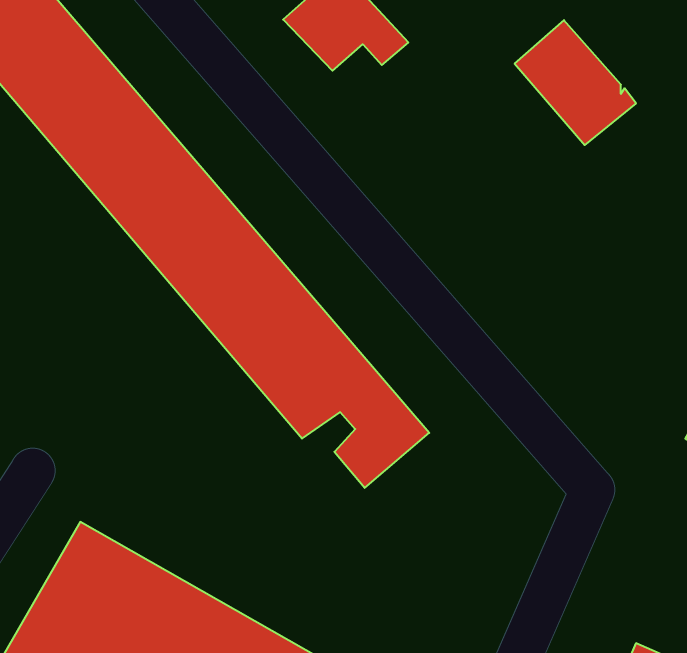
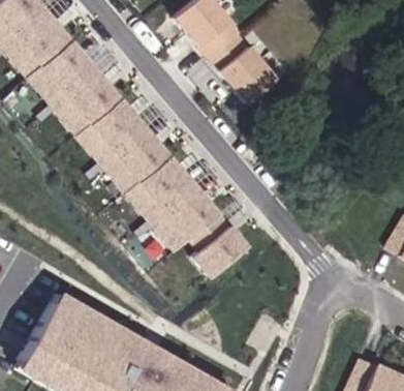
building: [515,20,636,145] -> [211,36,277,104]

